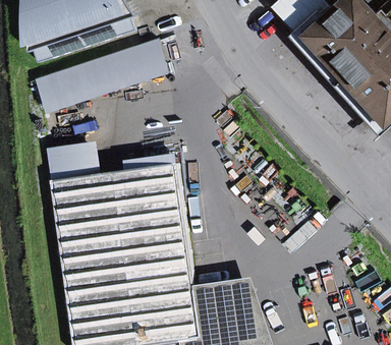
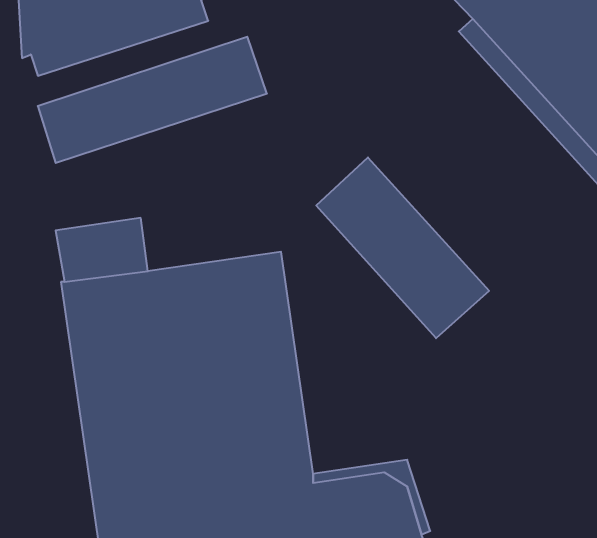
building: none -> [316,157,489,338]

